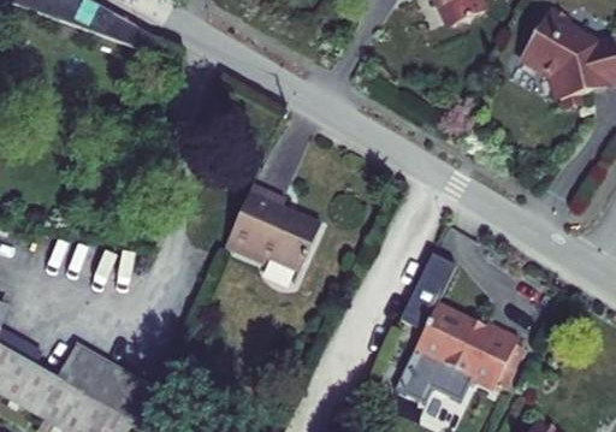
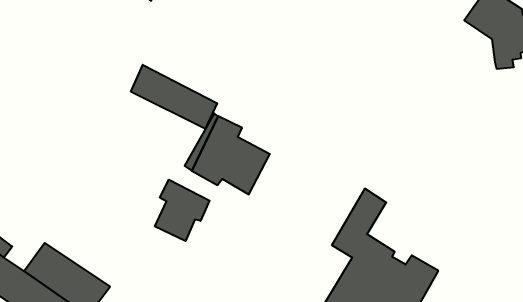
building: none -> [131,65,217,129]
building: none -> [155,180,210,241]

